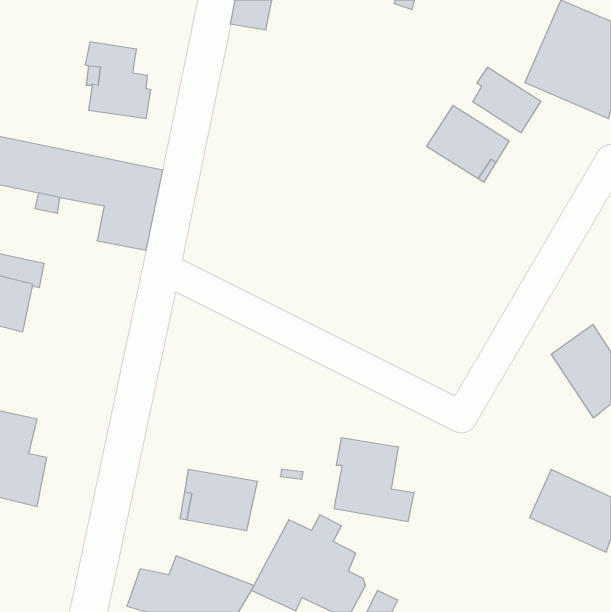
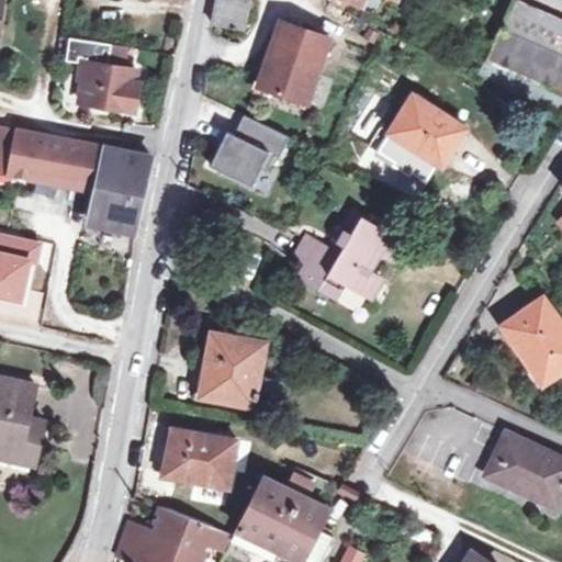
building: none -> [252,24,321,102]
building: [473,67,541,133] -> none
building: none -> [213,115,292,186]
building: none -> [293,213,407,301]
building: [334,438,414,522] -> [205,334,279,411]

